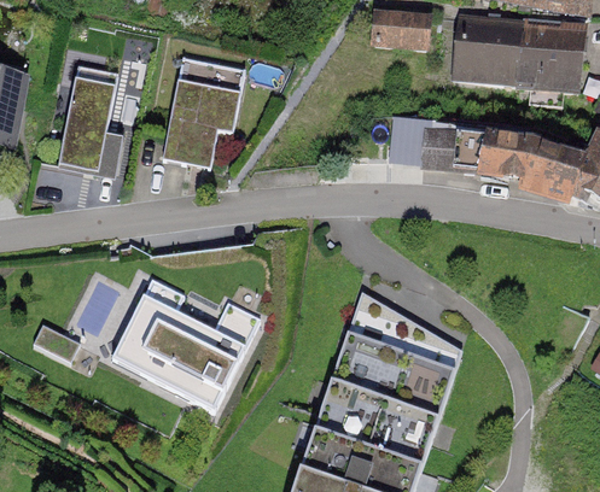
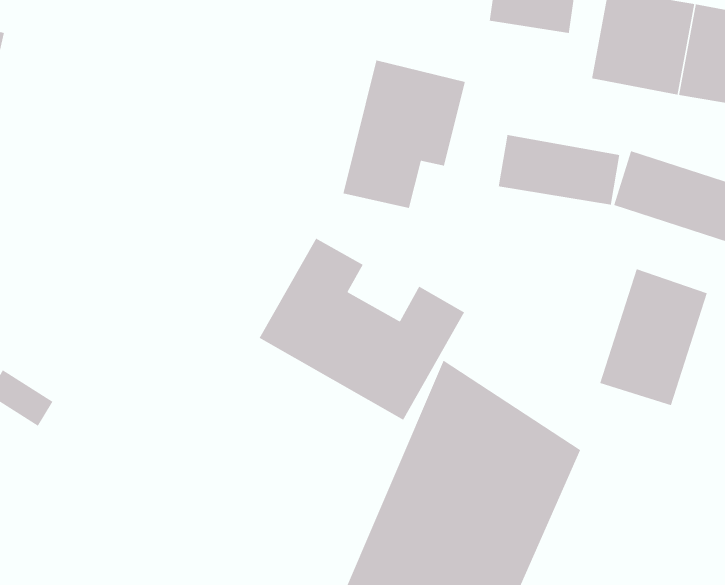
building: [162,62,245,168] -> [342,60,466,209]
building: [56,68,121,172] -> none
building: none -> [599,268,708,406]
building: [106,280,255,408] -> [258,238,465,421]

